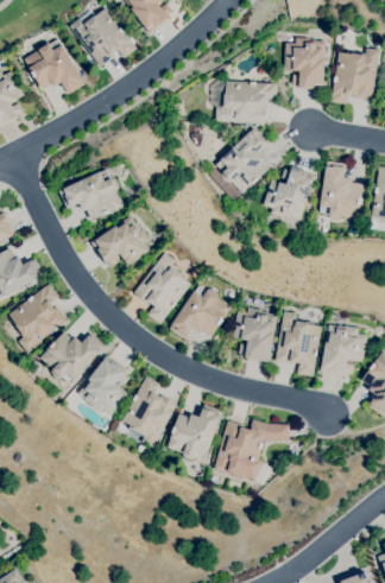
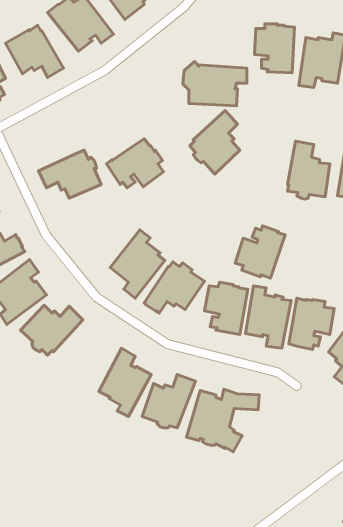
building: [264,166,316,221] -> [235,226,285,278]
building: [91,216,151,267] -> [107,139,163,188]
building: [78,355,131,416] -> none

